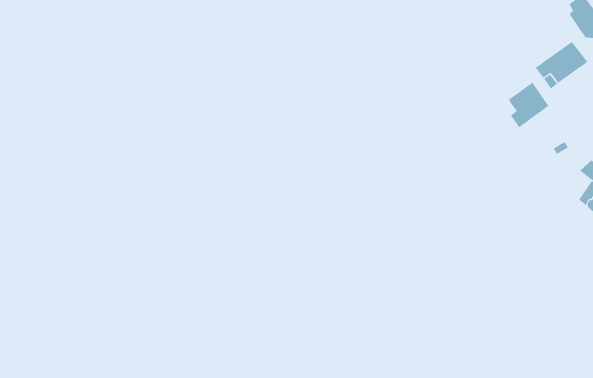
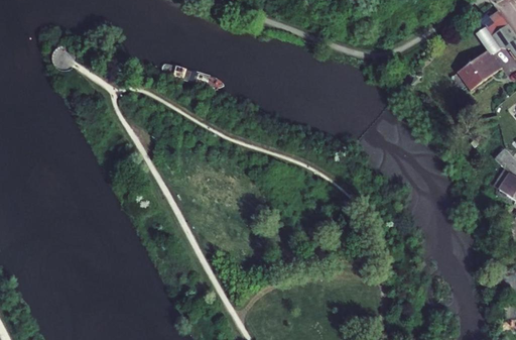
building: [508,82,549,128] -> none

